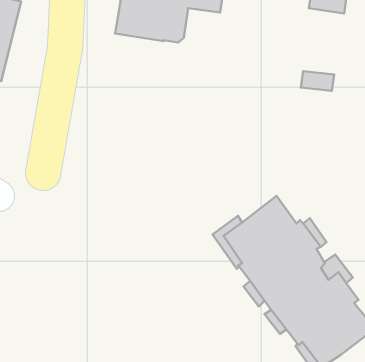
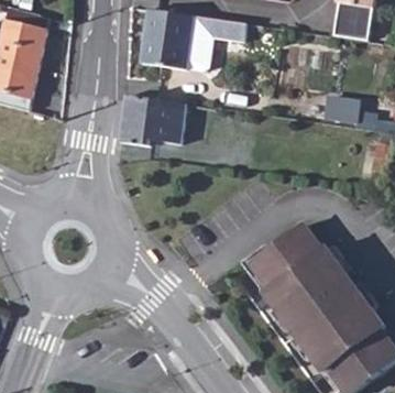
building: none -> [120,94,186,144]

